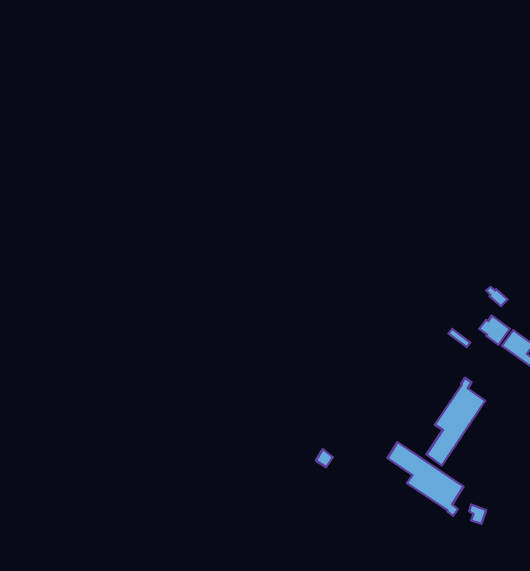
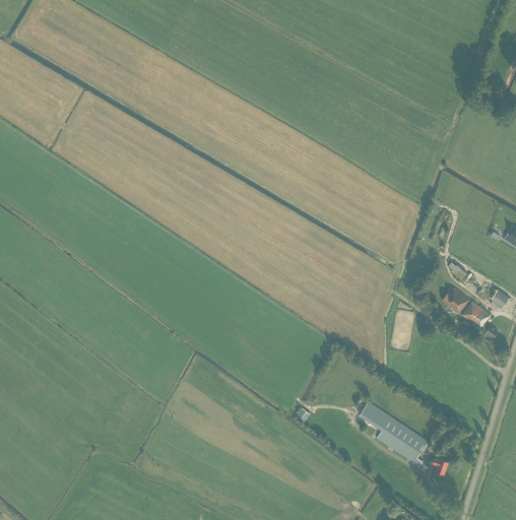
building: [427,378,485,465] -> none

